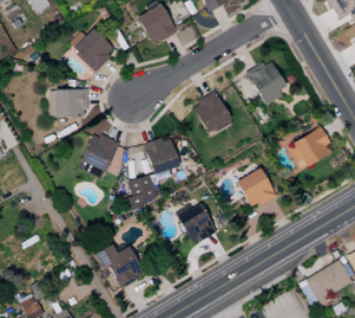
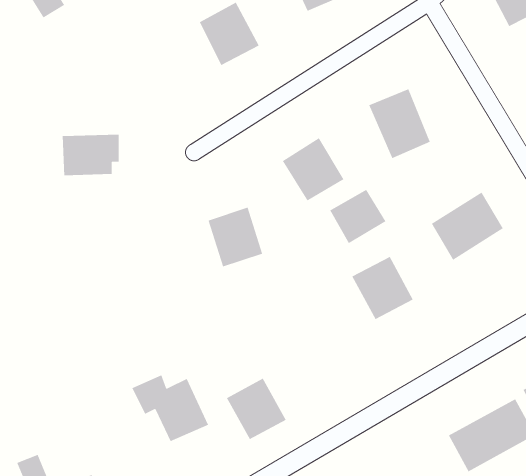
building: [74,27,116,70] -> none
building: none -> [329,189,386,244]
building: [78,131,118,178] -> none
building: [125,174,158,209] -> none
building: [177,203,216,244] -> [226,378,287,440]

